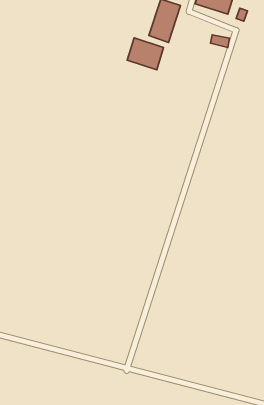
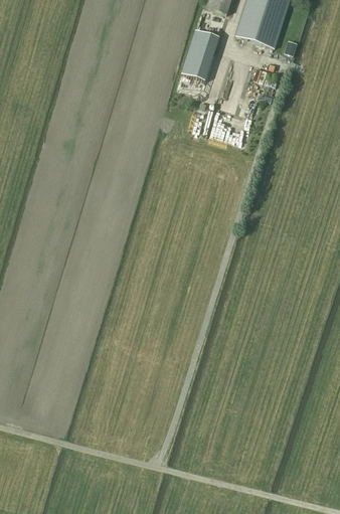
building: [127,38,164,70] -> none

